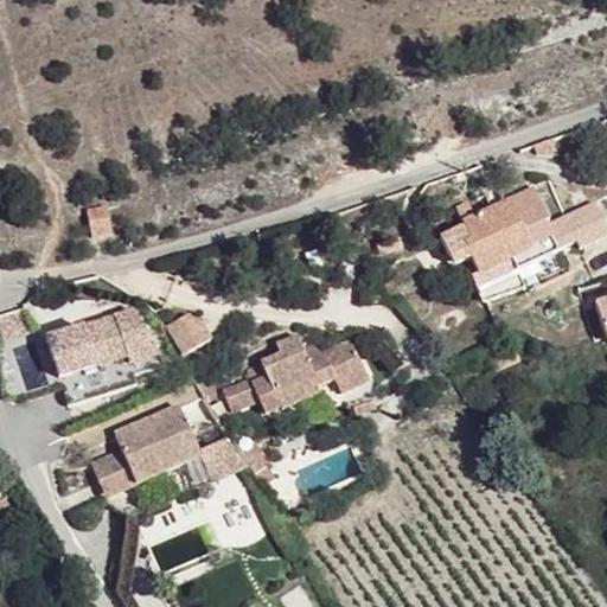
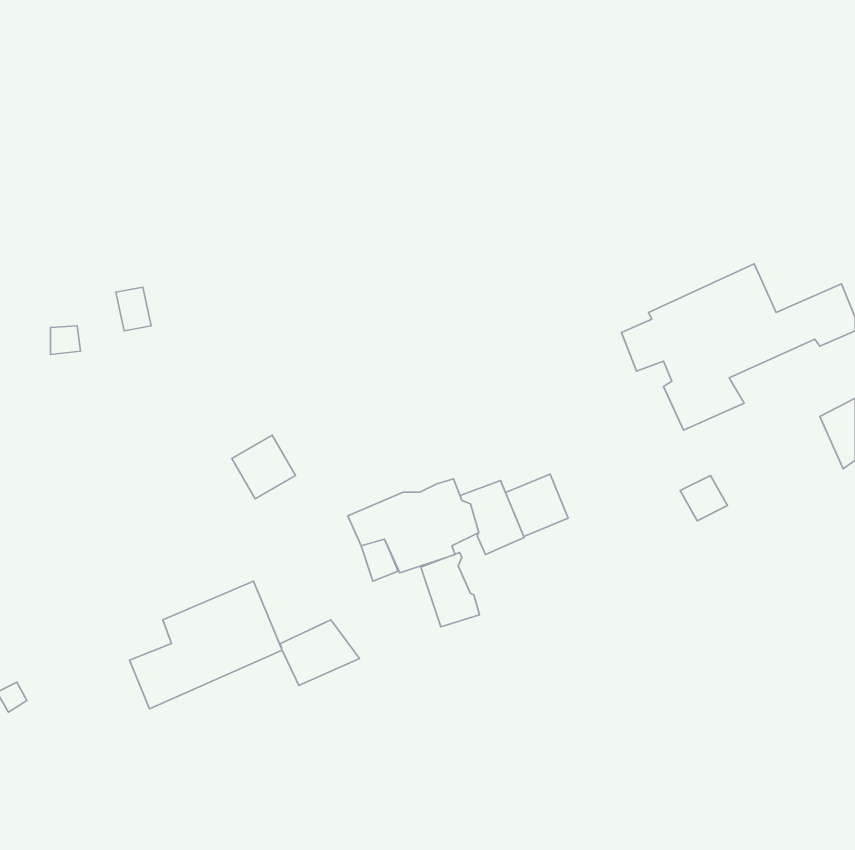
building: [43,295,156,372] -> none
building: none -> [506,474,568,537]
building: none -> [421,553,480,627]

